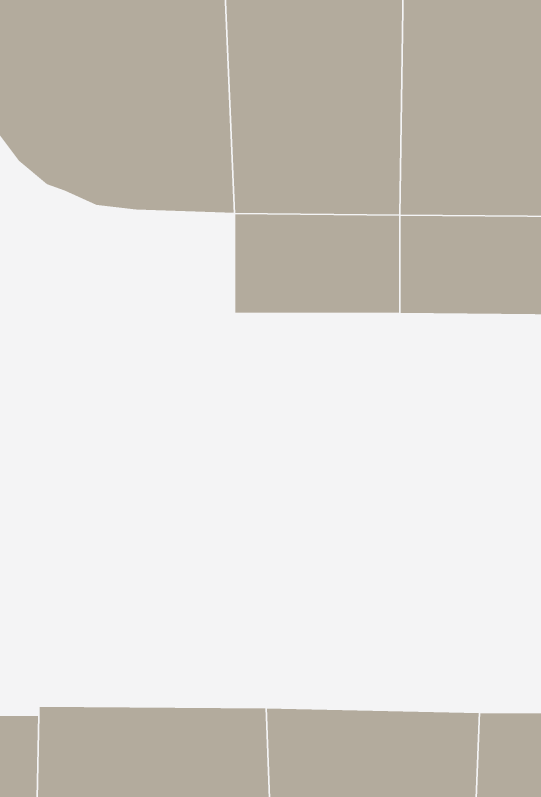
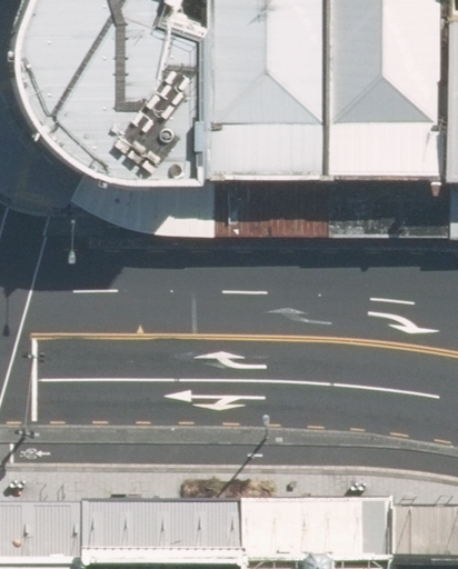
building: none -> [57,134,201,220]

